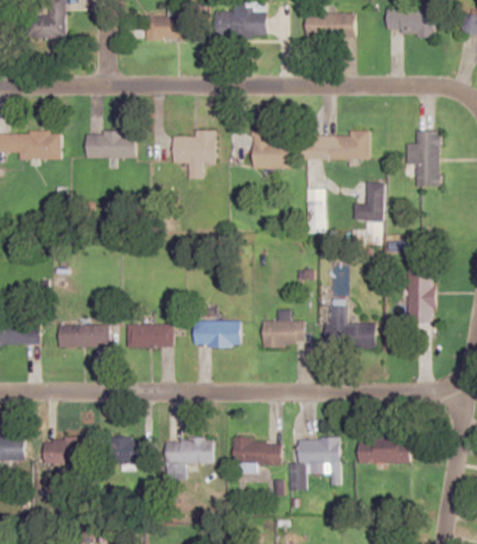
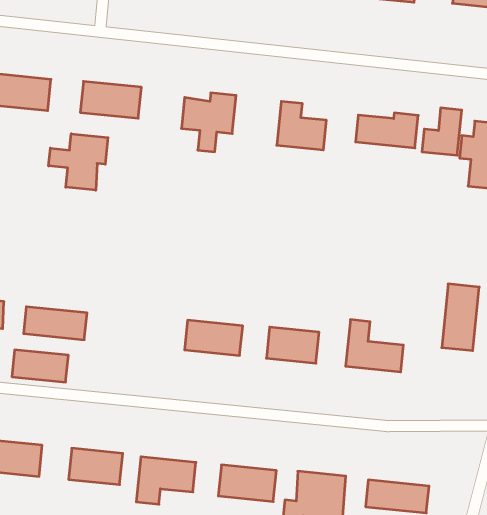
building: none -> [49,134,108,190]
building: [352,184,382,222] -> [422,108,462,155]
building: [127,324,172,347] -> [12,350,68,382]

